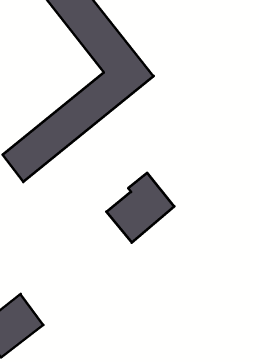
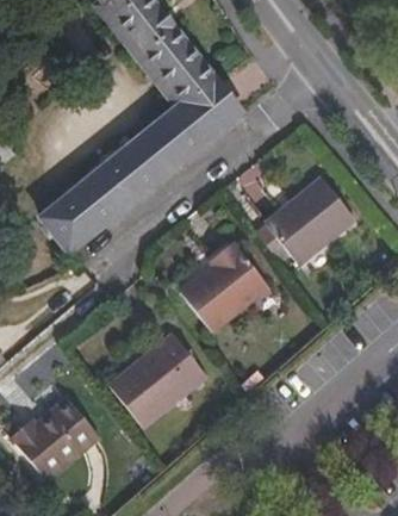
building: none -> [254,176,353,261]
building: none -> [107,338,205,433]

